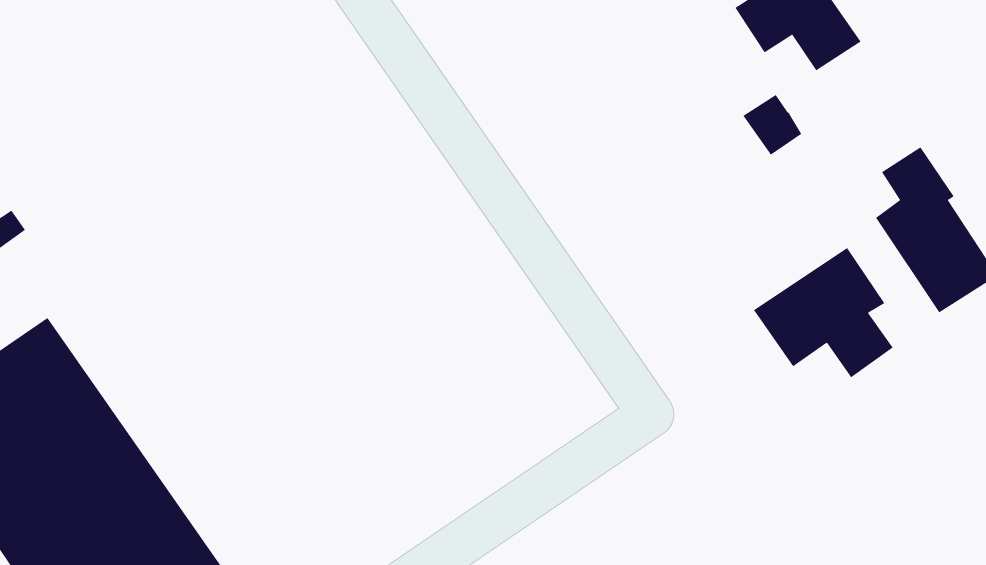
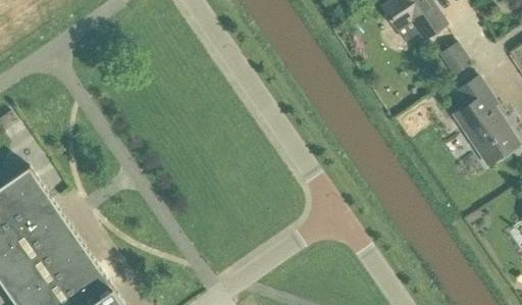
building: [743,94,802,156] -> [439,43,470,74]
building: [753,247,893,378] -> none

